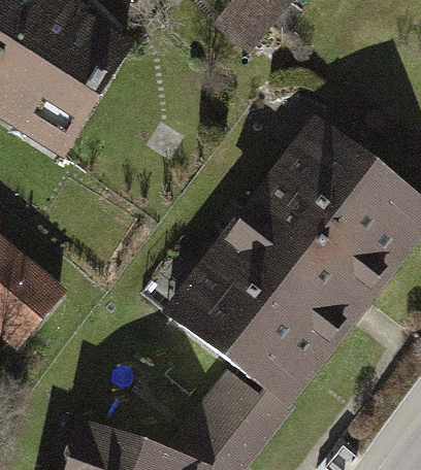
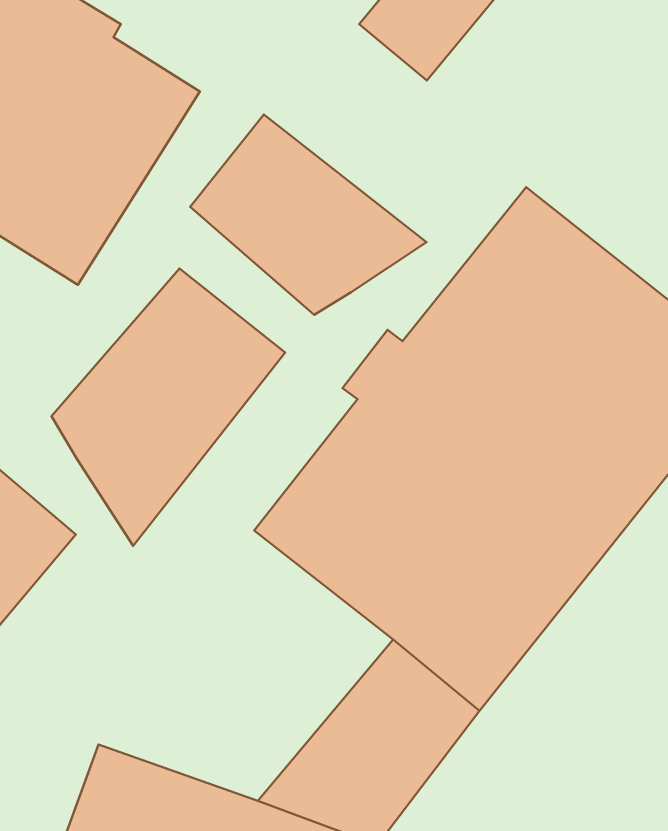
building: none -> [190,115,426,315]
building: none -> [51,268,285,546]

